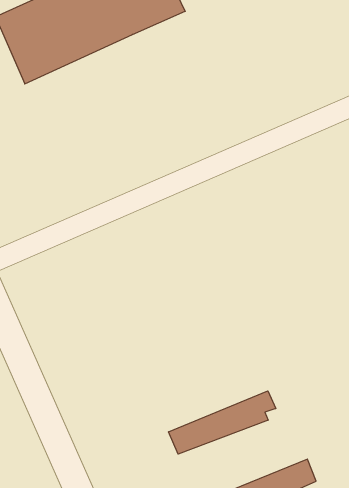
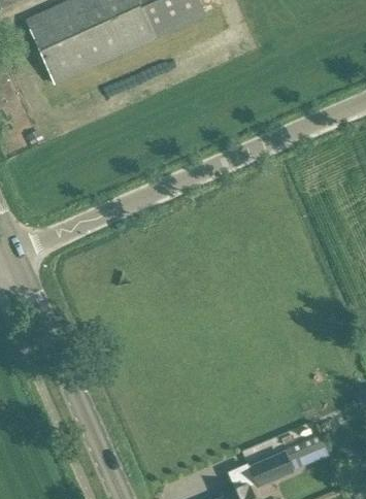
building: [169,391,276,454] -> none

